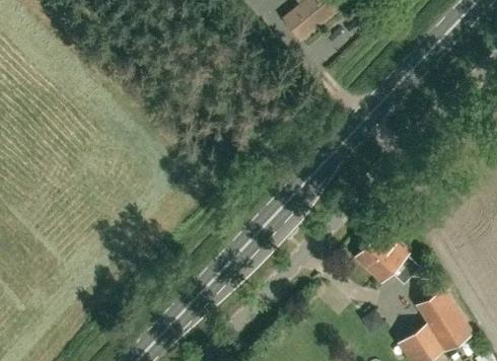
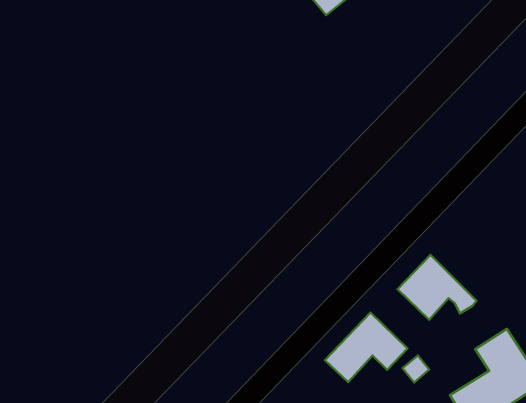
building: none -> [325,312,407,382]

